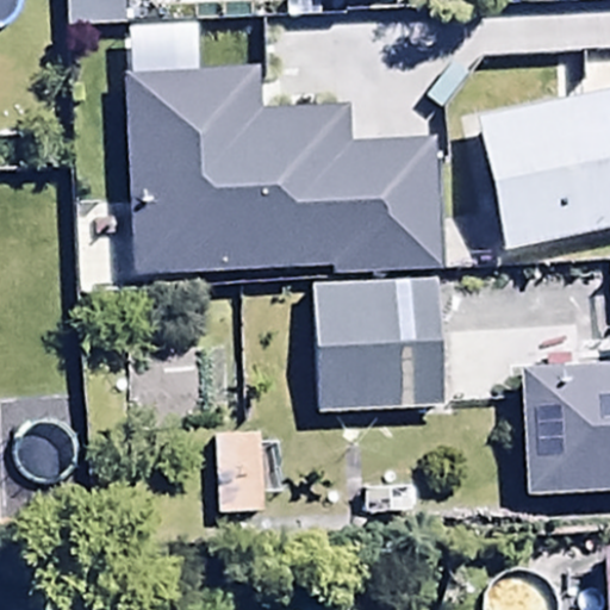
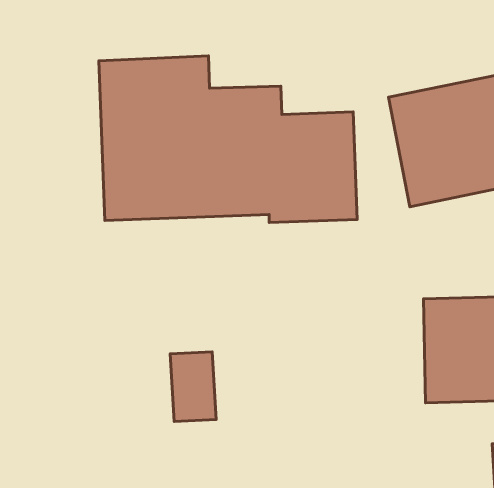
building: [316,279,449,409] -> none

